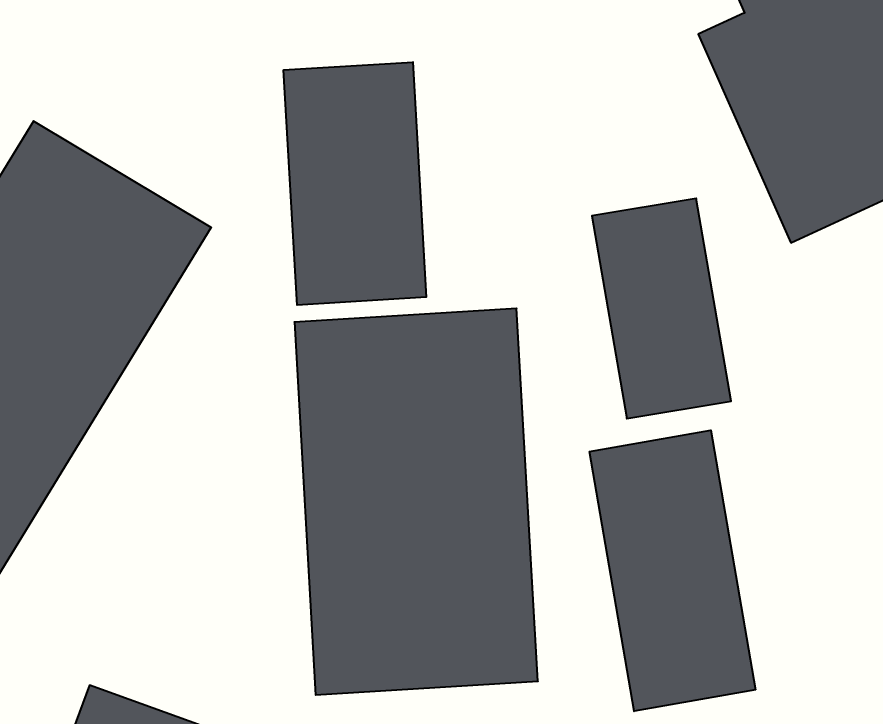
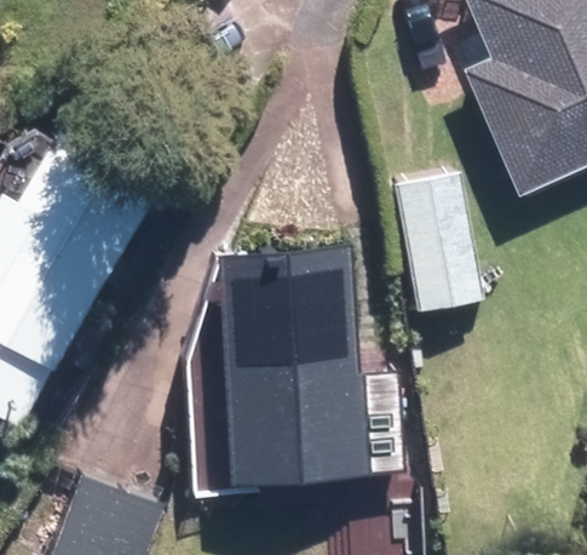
building: [284,62,426,305] -> none
building: [590,430,755,711] -> none

